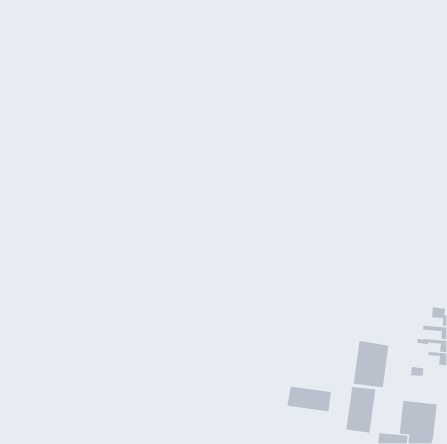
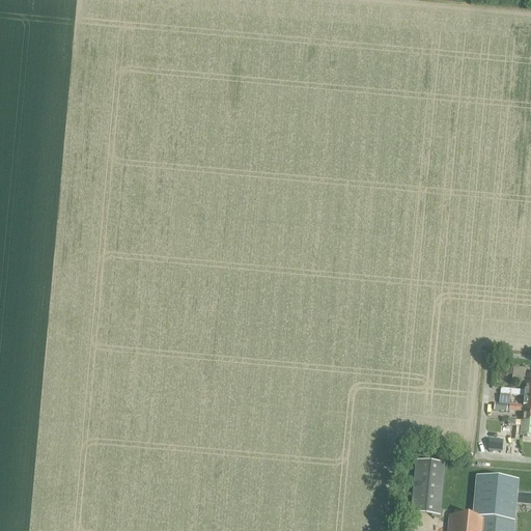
building: [353,340,389,388] -> none
building: [287,386,332,412] -> none

